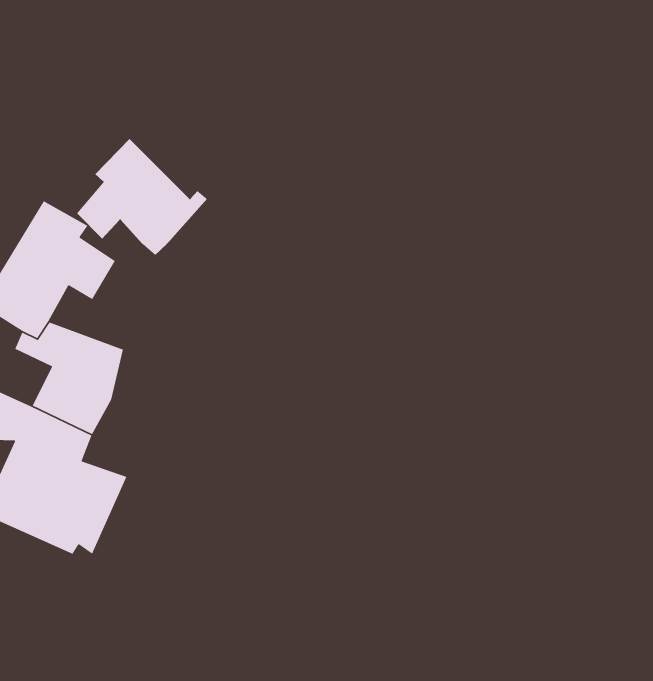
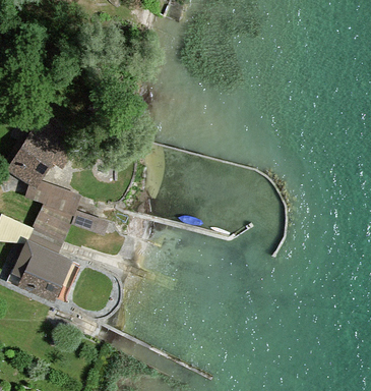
building: [76,138,208,256] -> none

